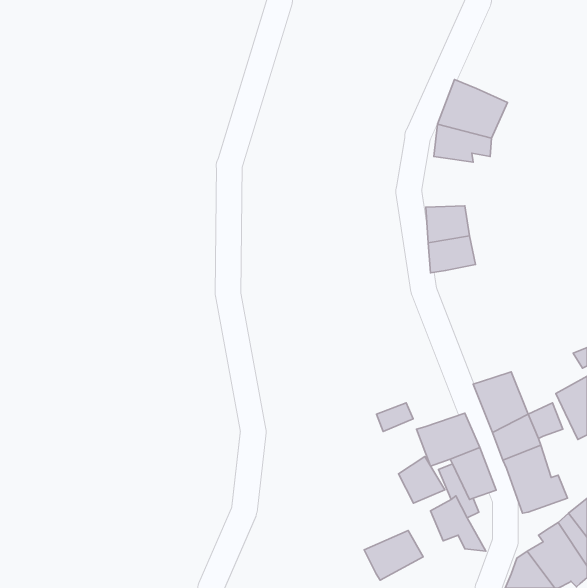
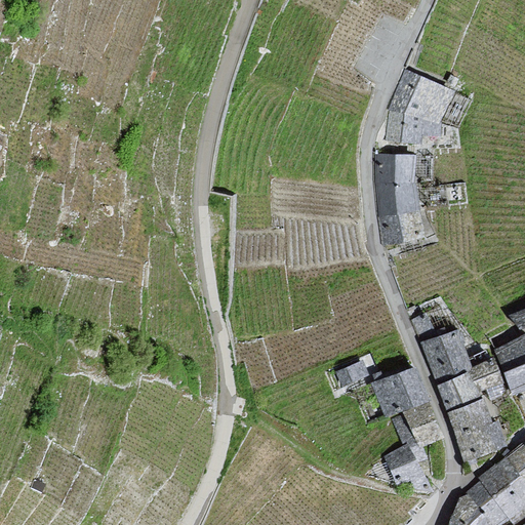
building: none -> [377,154,415,185]
building: [399,456,445,503] -> none
building: [364,531,423,580] -> none

